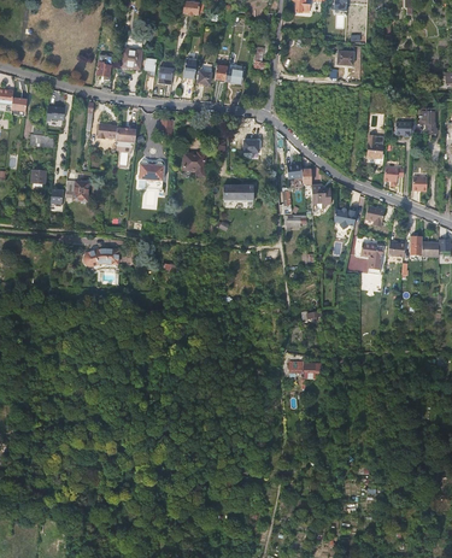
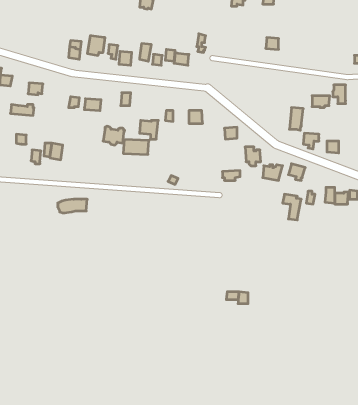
building: [223,182,254,200] -> [123,140,149,154]

